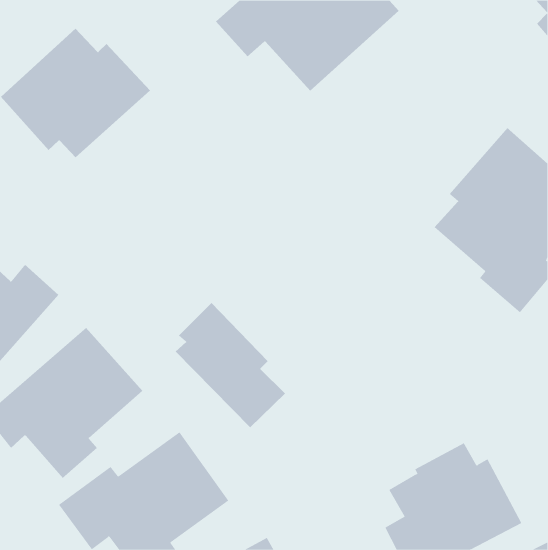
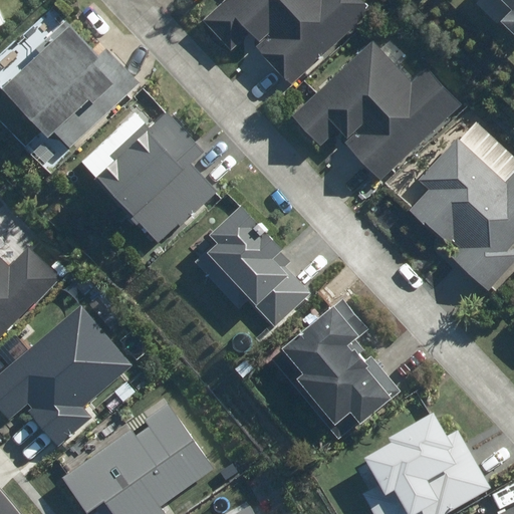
building: none -> [291,41,462,181]
building: none -> [79,111,219,247]
building: [175,302,286,428] -> [205,206,308,323]
building: none -> [271,298,401,442]

